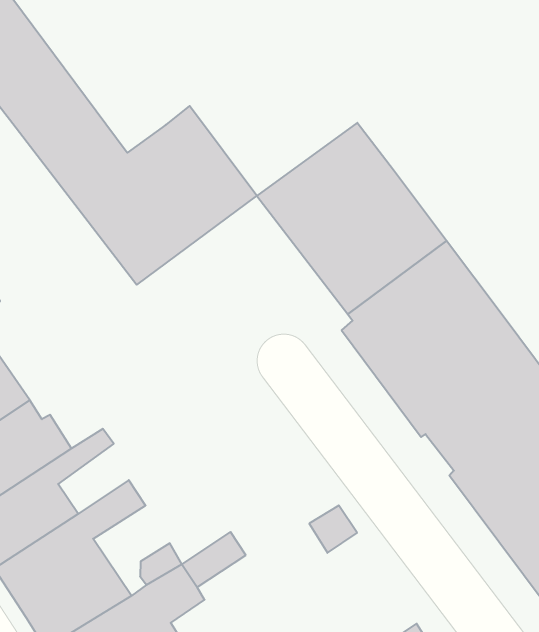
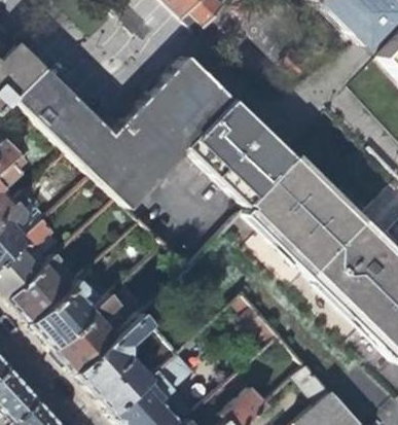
building: none -> [145,57,238,148]

